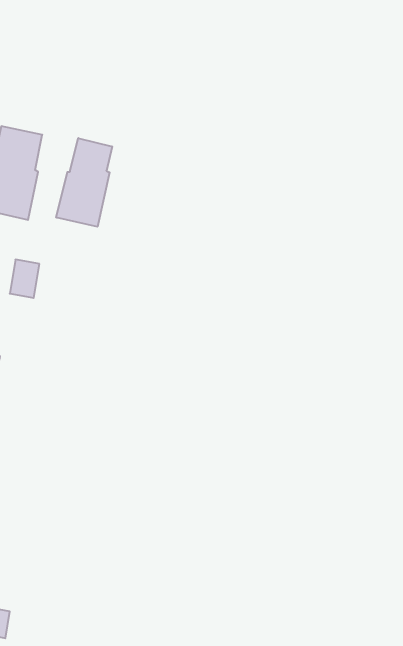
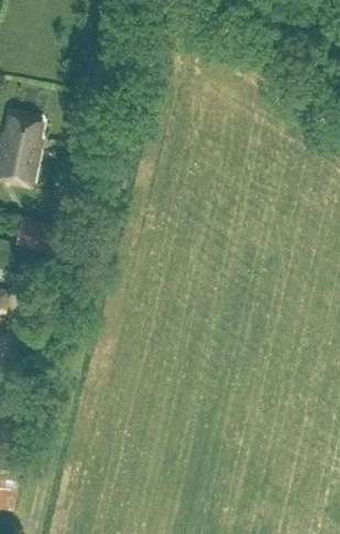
building: [56,138,112,227] -> none

